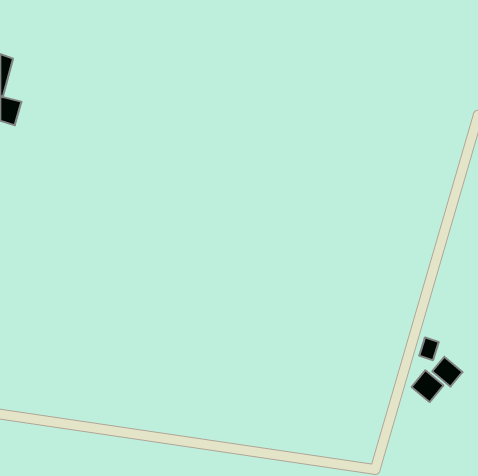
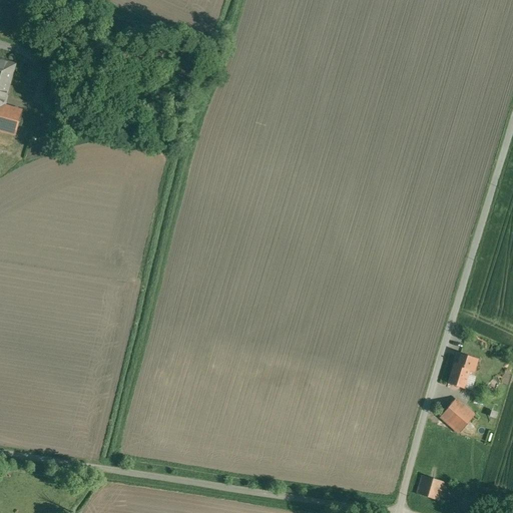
building: [432,357,463,387] -> none
building: none -> [417,476,443,499]

